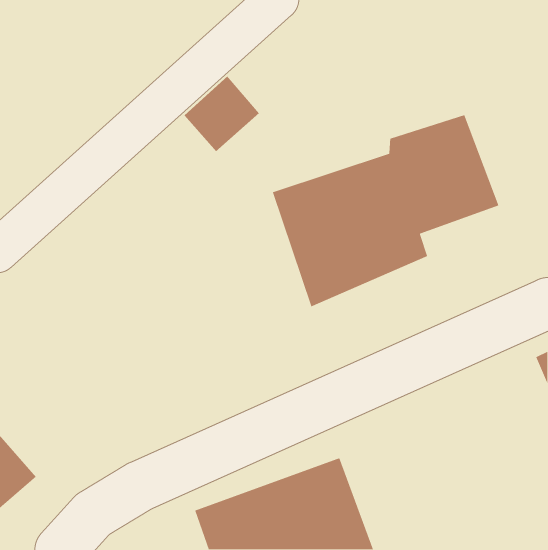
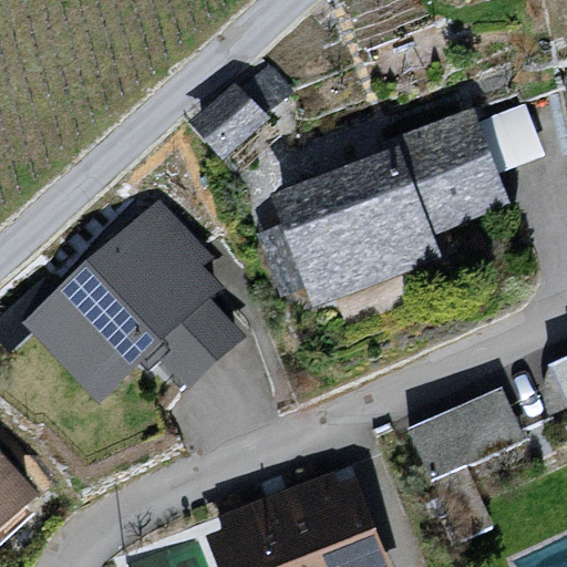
building: none -> [31,199,233,389]
building: none -> [406,389,517,477]

